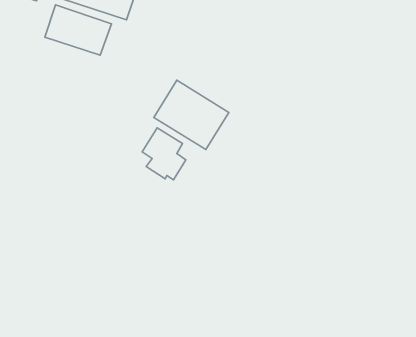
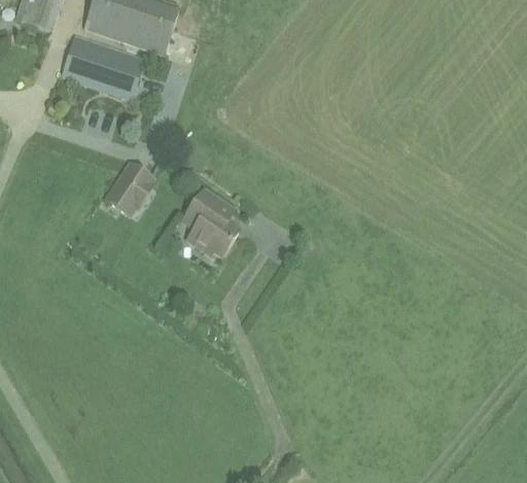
building: [154,80,229,150] -> none
building: none -> [103,161,154,215]

